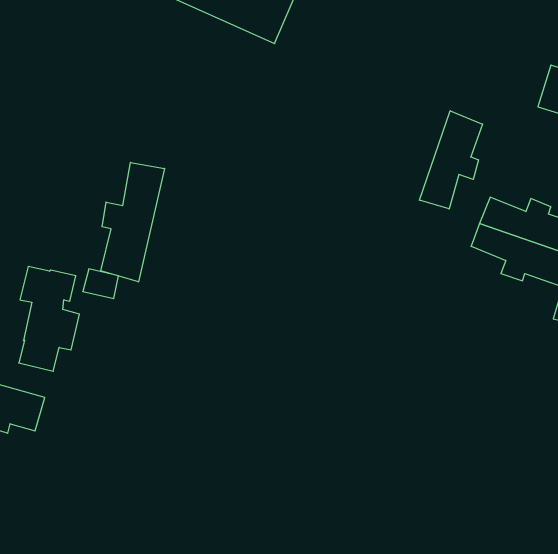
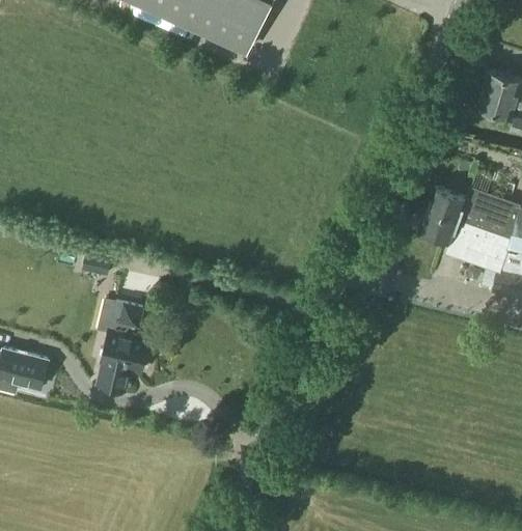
building: [419,111,483,209] -> none
building: [101,162,165,282] -> none
building: [19,266,79,371] -> [95,300,148,391]

